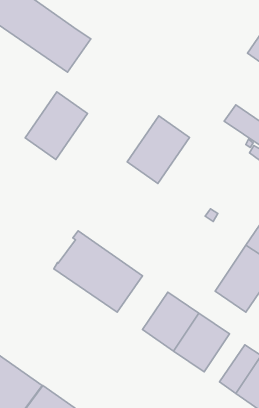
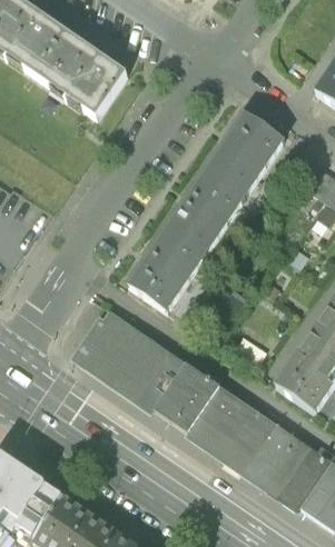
building: none -> [206,111,283,193]
building: [25,92,88,160] -> [128,223,205,307]
building: none -> [155,364,217,429]
building: none -> [262,435,312,494]

